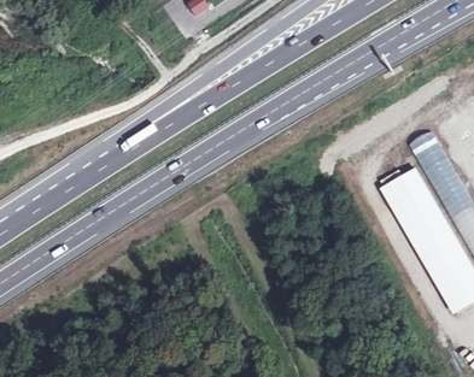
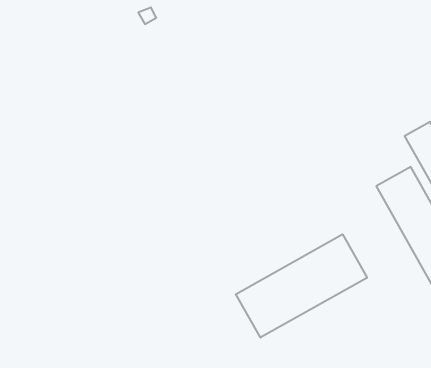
building: none -> [236,234,367,338]

